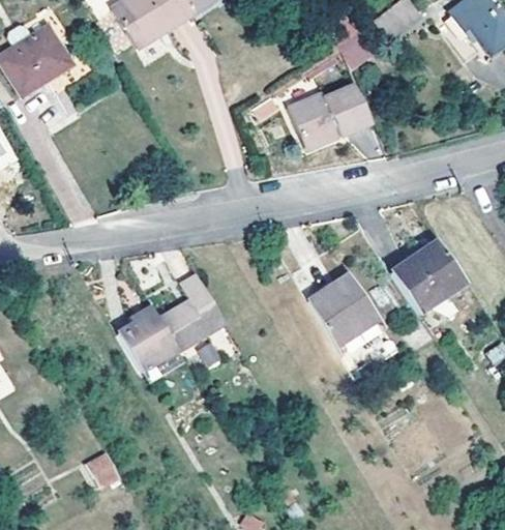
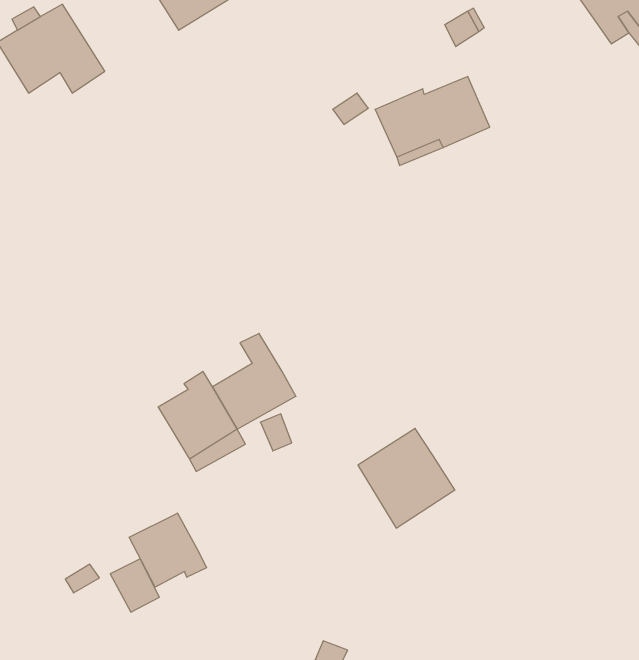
building: [391,239,468,313] -> none
building: [306,273,380,349] -> [358,428,455,528]
building: none -> [129,513,206,587]

